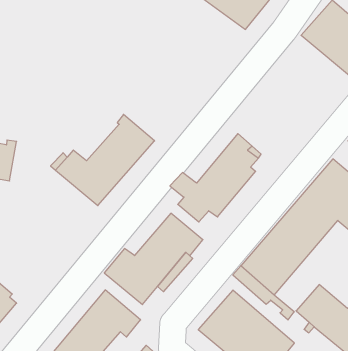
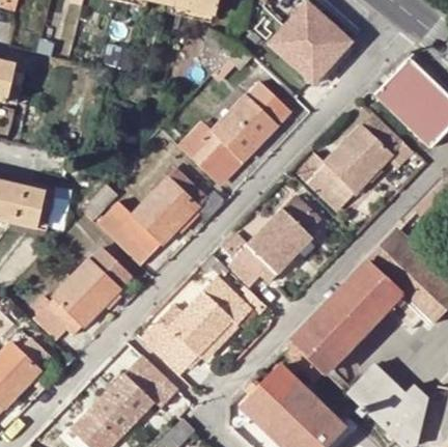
building: none -> [181,80,291,179]
building: none -> [297,113,415,212]
building: none -> [34,246,131,338]

